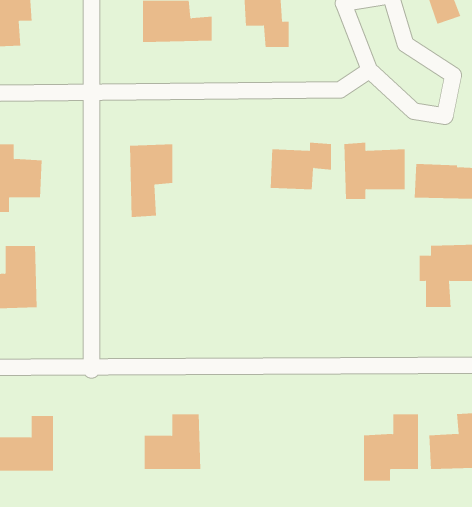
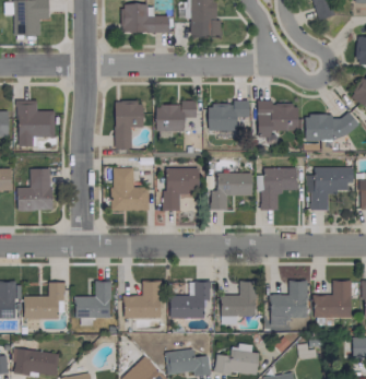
building: none -> [155,100,197,131]
building: none -> [111,167,150,211]
building: none -> [164,167,200,210]
building: none -> [259,167,297,210]
building: none -> [211,173,252,210]
building: none -> [75,281,110,318]
building: none -> [169,281,211,319]
building: none -> [221,281,257,324]

